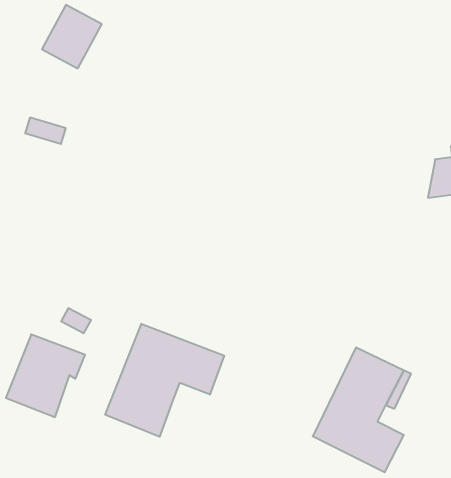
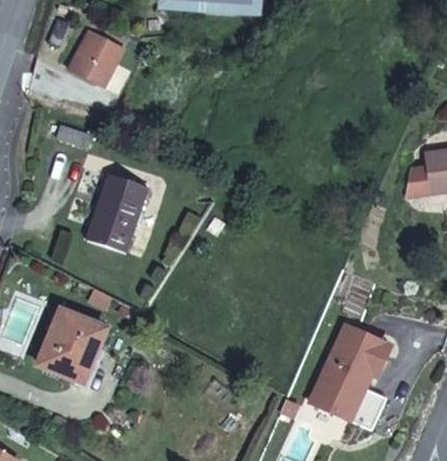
building: none -> [91,175,148,251]
building: [105,324,224,437] -> none

